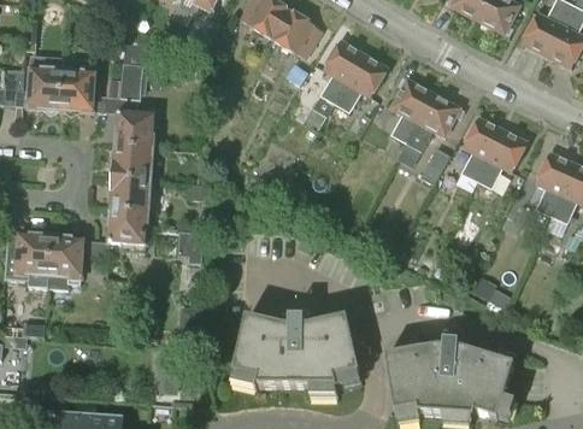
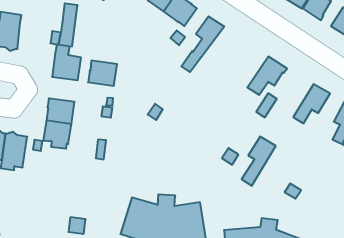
building: [332,53,388,111] -> none
building: [60,58,96,113] -> none
building: [387,77,432,141] -> none
building: [455,117,502,190] -> [242,137,276,186]
building: [112,146,153,181] -> [88,61,117,86]

